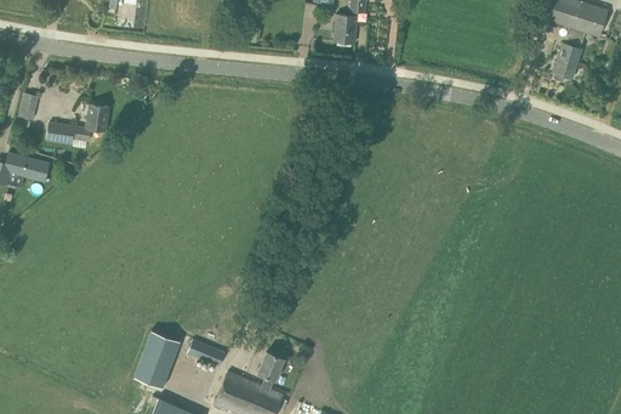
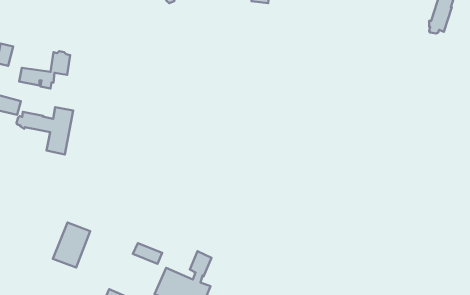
building: none -> [16,107,73,154]
building: [133,330,180,386] -> [53,222,90,267]

